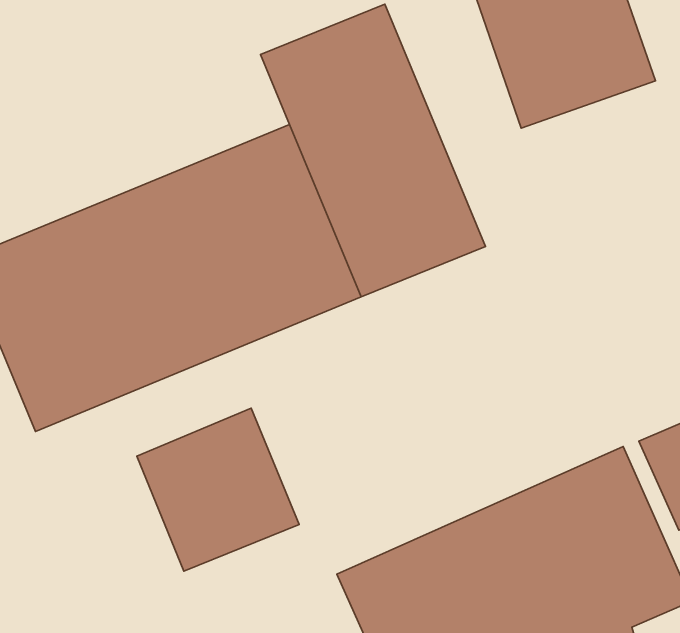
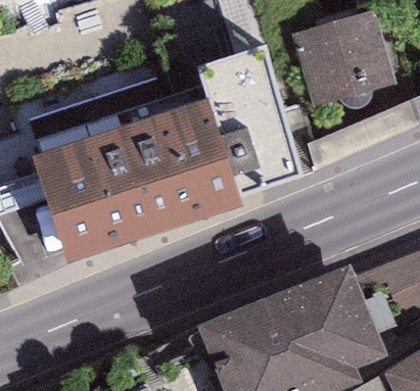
building: [137,408,299,571] -> none

